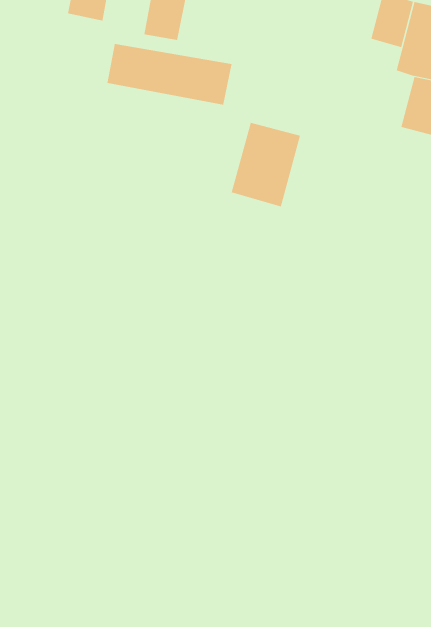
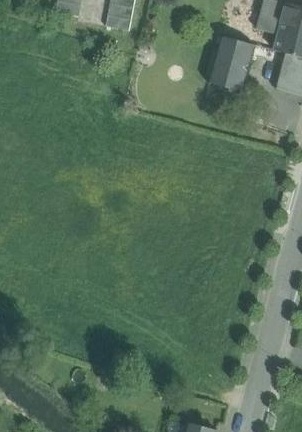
building: [107,43,232,105] -> none
building: [231,122,301,207] -> [208,36,255,93]

